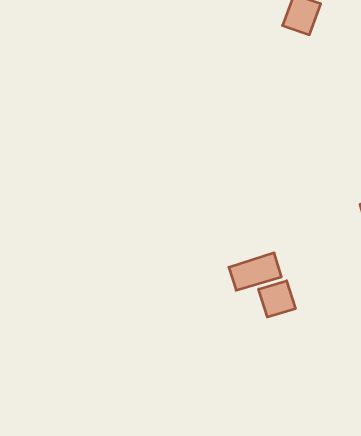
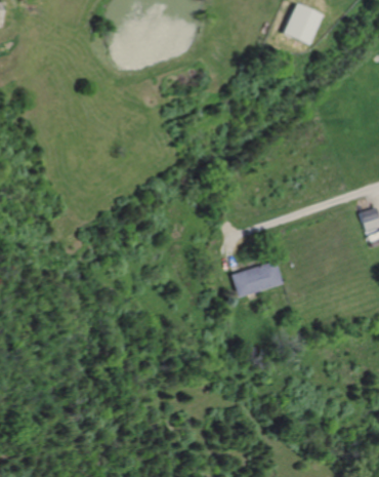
building: [259,281,295,317] -> none

